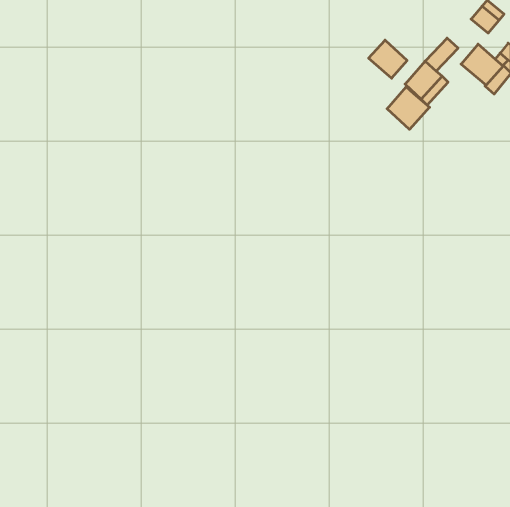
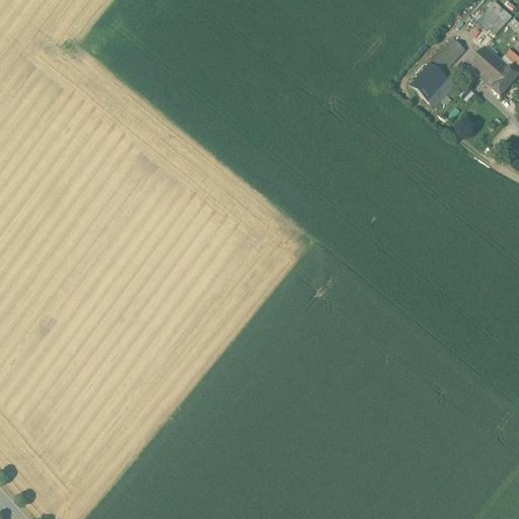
building: [369,40,407,78] -> none
building: [387,87,430,129] -> none

